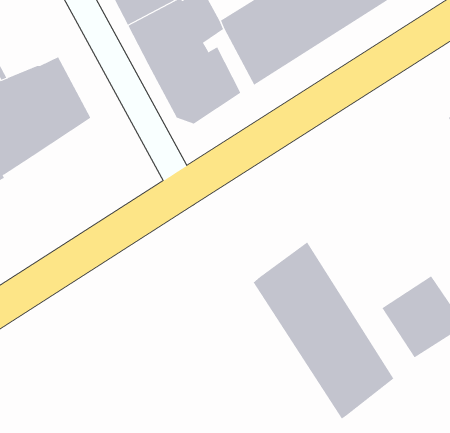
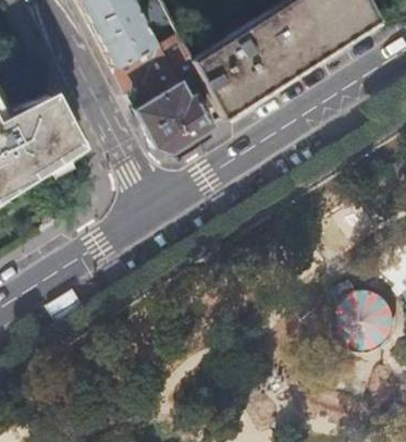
building: [253,241,394,419] -> none

